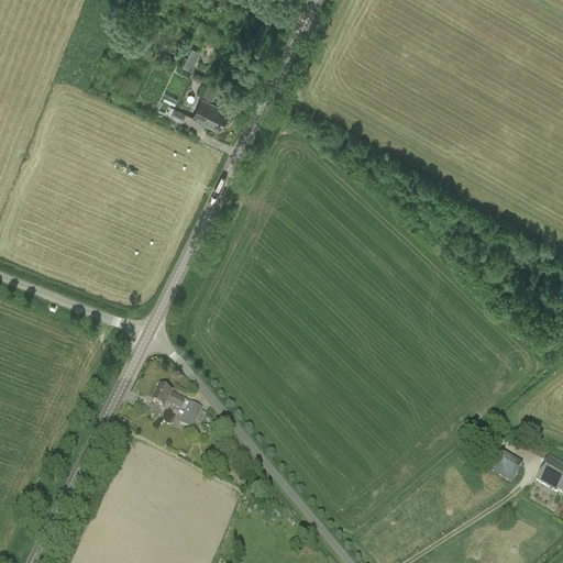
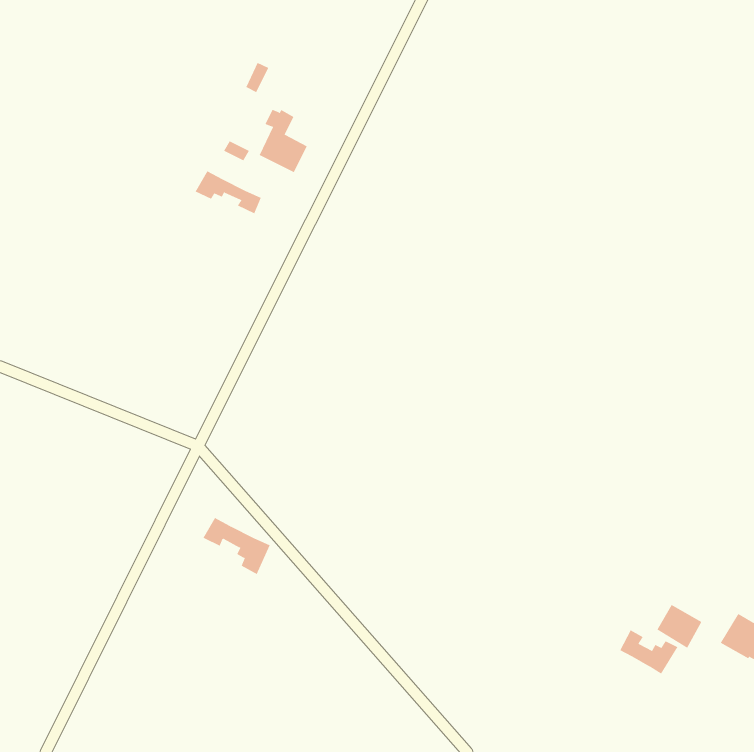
building: none -> [195,170,261,214]
building: none -> [619,629,678,675]

